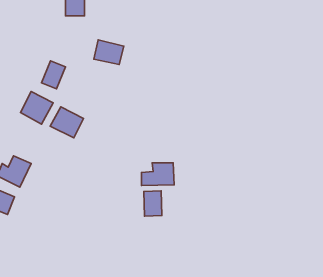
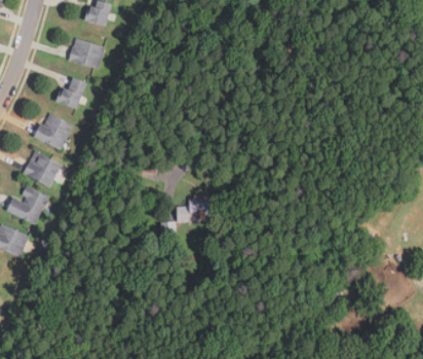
building: [94,40,124,65] -> [69,39,104,68]
building: [50,107,84,138] -> [23,151,62,187]
building: [144,191,162,216] -> none

